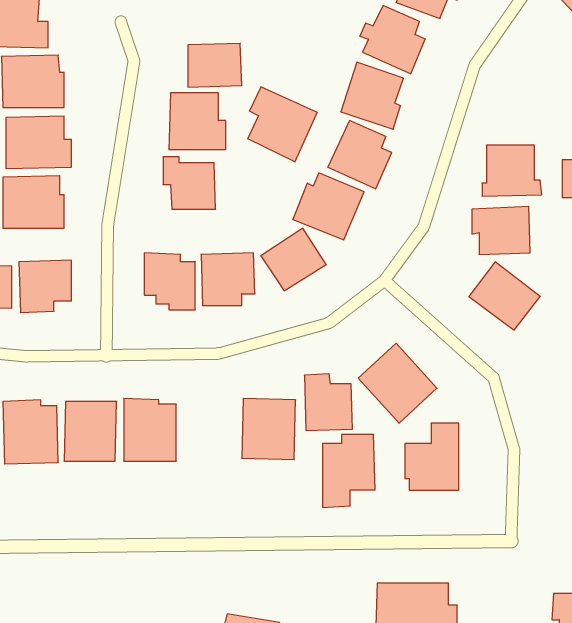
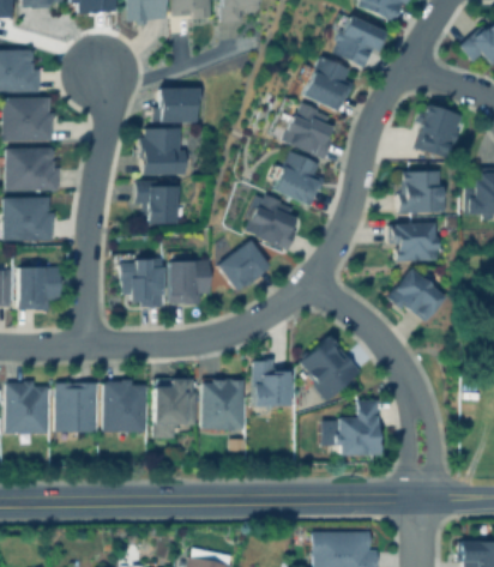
building: none -> [415,105,463,158]
building: [248,87,317,162] -> none
building: [323,435,375,507] -> [153,379,197,439]

